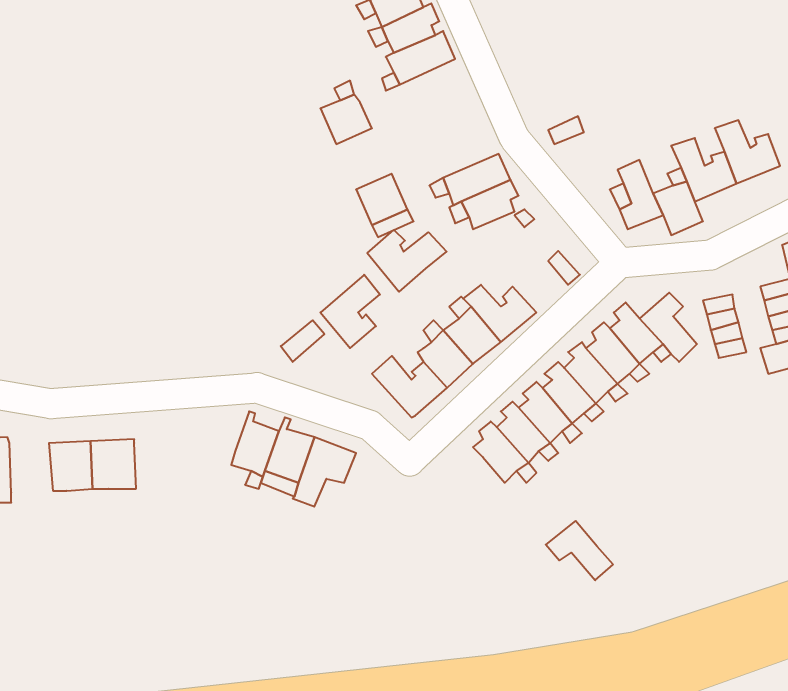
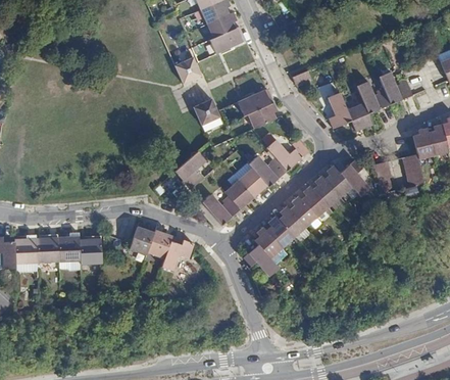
building: [367,230,447,292] -> none
building: none -> [266,140,301,171]
building: none -> [15,238,38,264]
building: none -> [80,238,102,265]
building: [546,521,613,580] -> [244,245,279,276]

